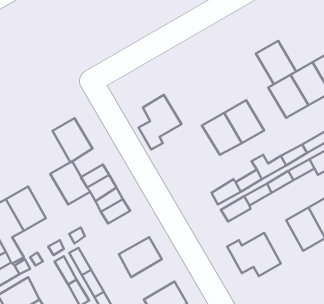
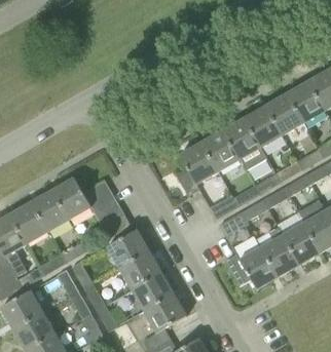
building: [256,41,296,84] -> [243,106,282,148]
building: [138,95,182,150] -> [175,143,217,196]
building: [52,118,92,162] -> [30,190,69,233]
building: none -> [260,227,298,277]
building: none -> [106,230,148,268]
building: none -> [131,273,173,312]

